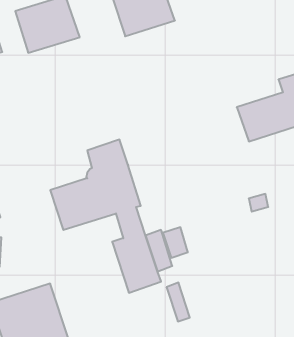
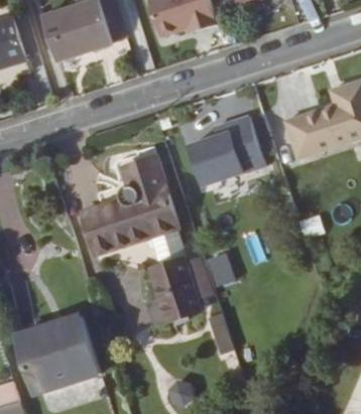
building: none -> [188,117,263,186]

